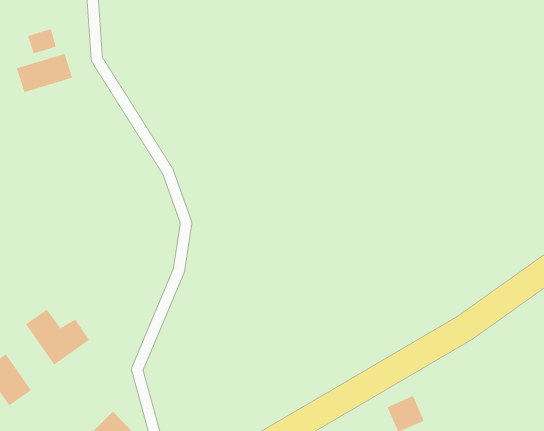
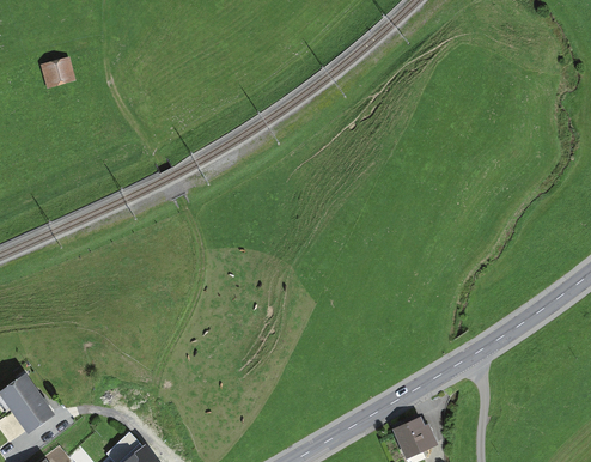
building: [16,53,73,93] -> none
building: [25,309,90,365] -> none

